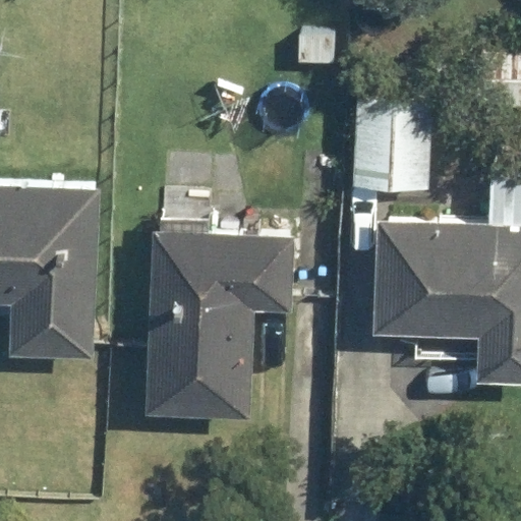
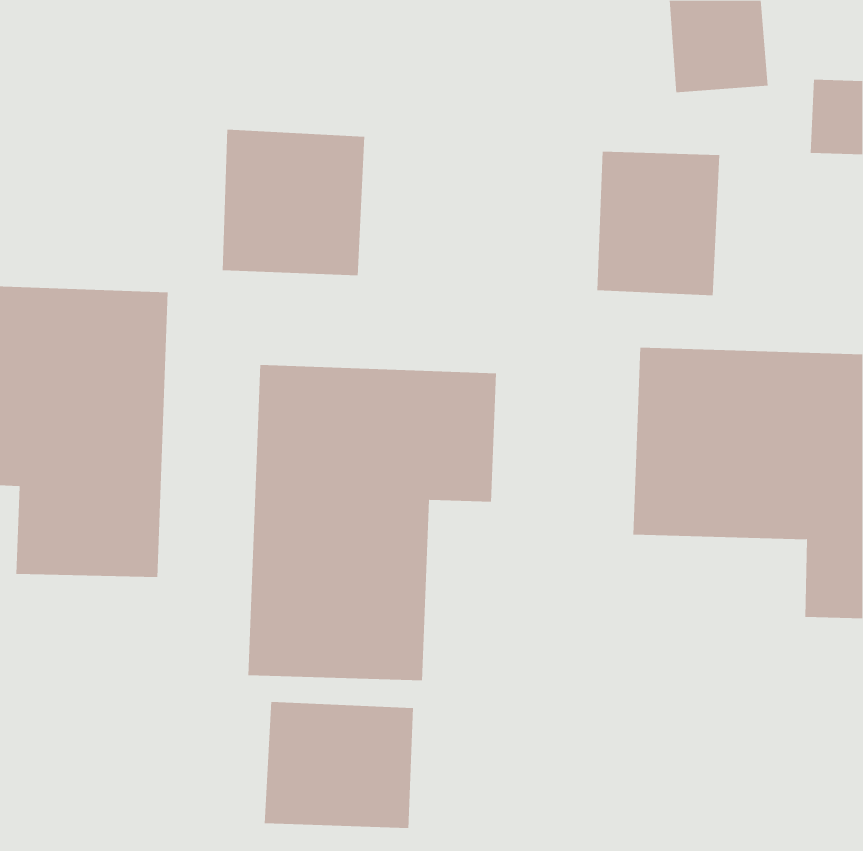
building: none -> [222,129,365,276]
building: none -> [264,701,413,829]

